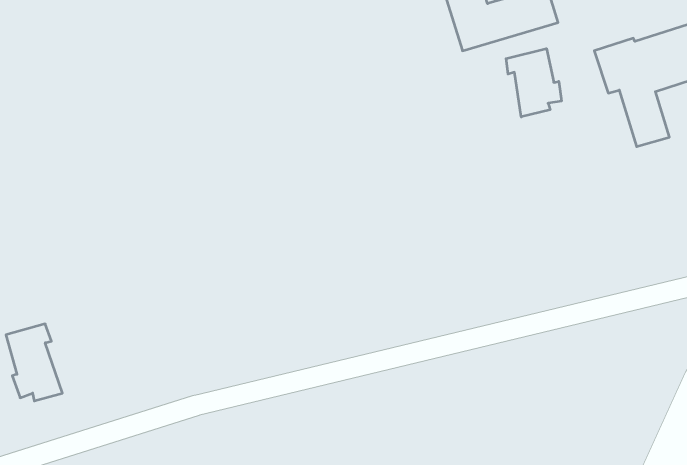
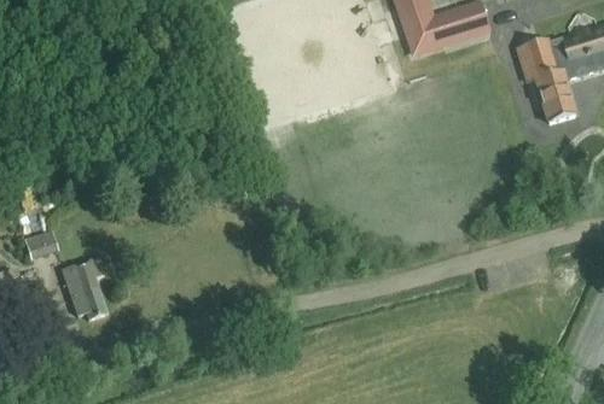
building: [506,49,561,117] -> none

